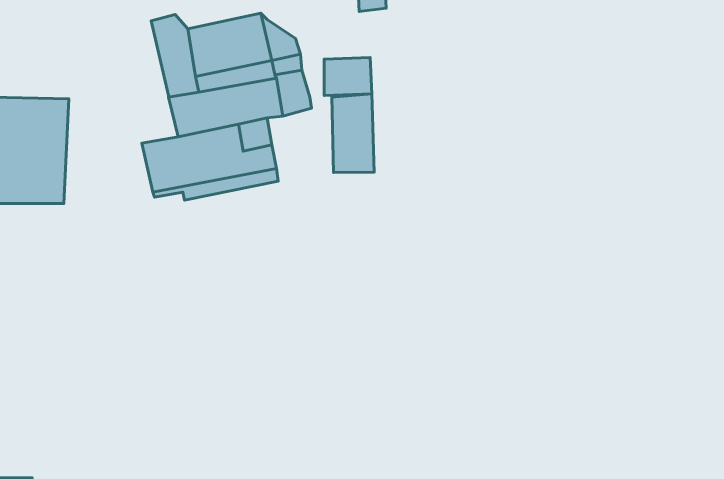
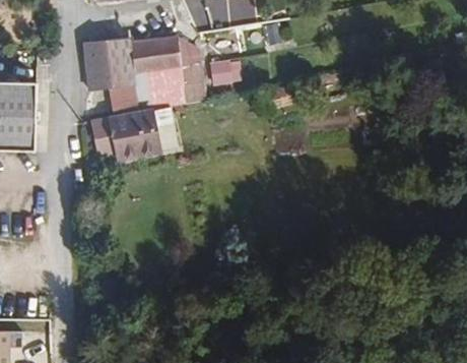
building: none -> [79,38,110,90]
building: [332,94,374,172] -> none

